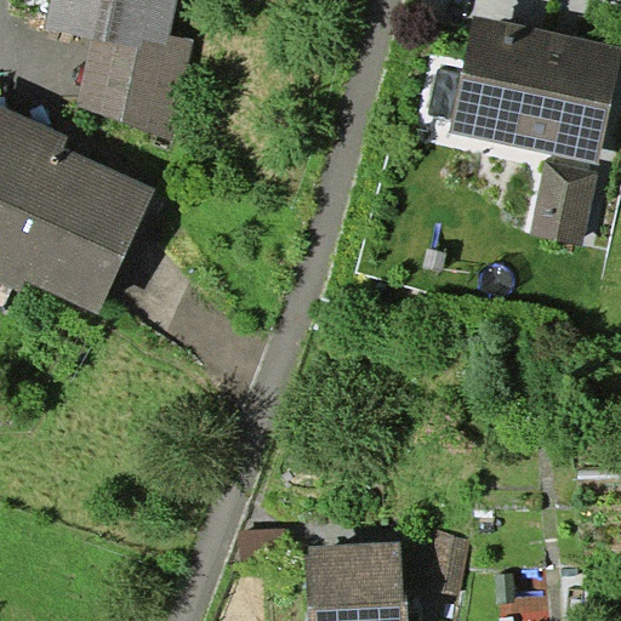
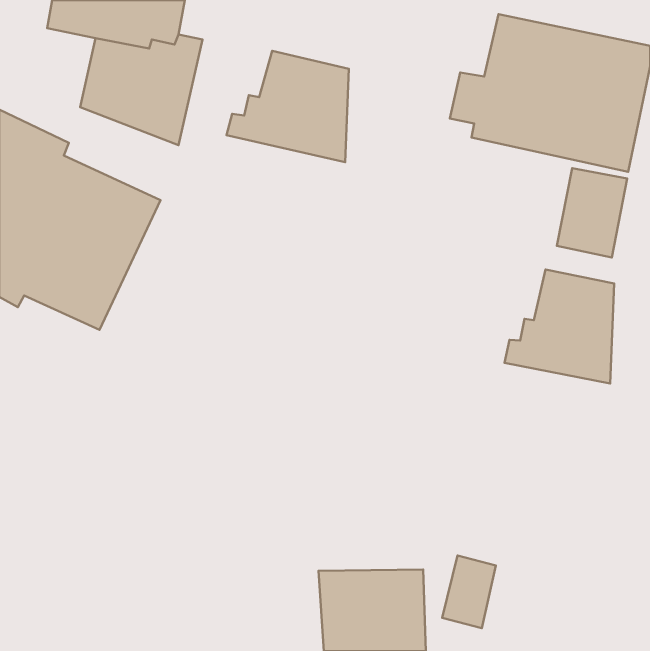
building: none -> [227,51,349,162]
building: none -> [505,270,614,383]

